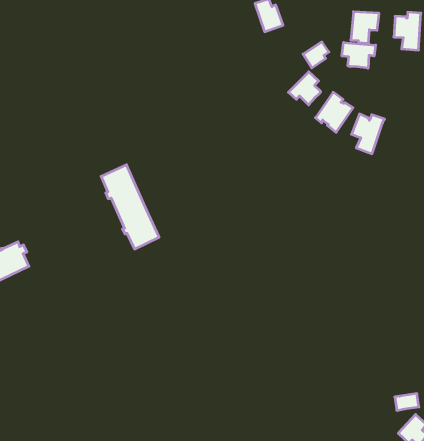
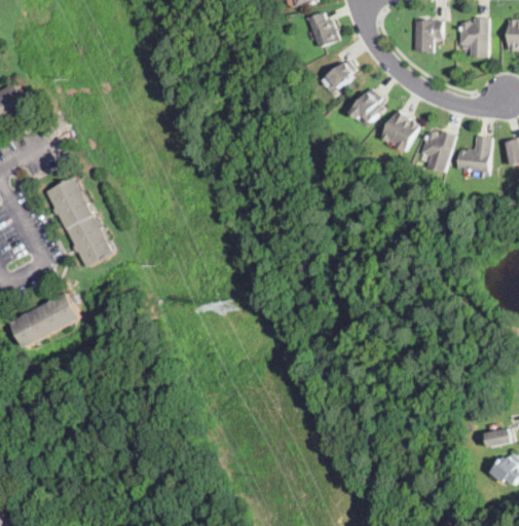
building: [303,42,329,68] -> [326,61,354,89]
building: [342,42,376,68] -> none
building: none -> [455,136,490,178]
building: [101,165,159,249] -> [45,177,112,267]

